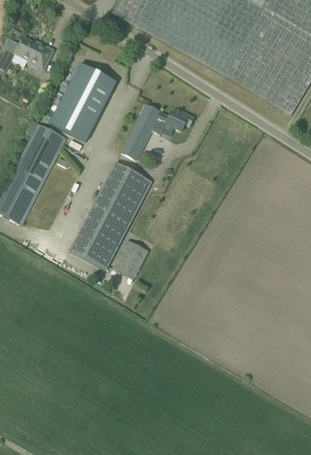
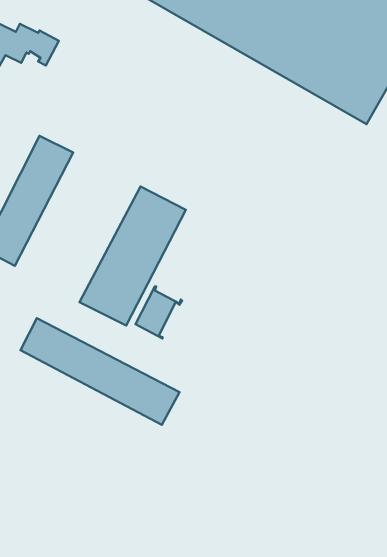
building: [49,62,116,142] -> none
building: [121,102,194,159] -> none
building: none -> [20,318,180,425]

